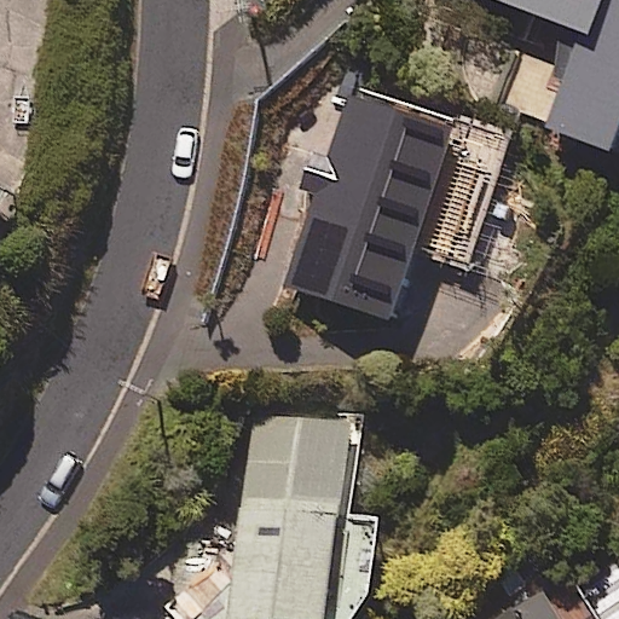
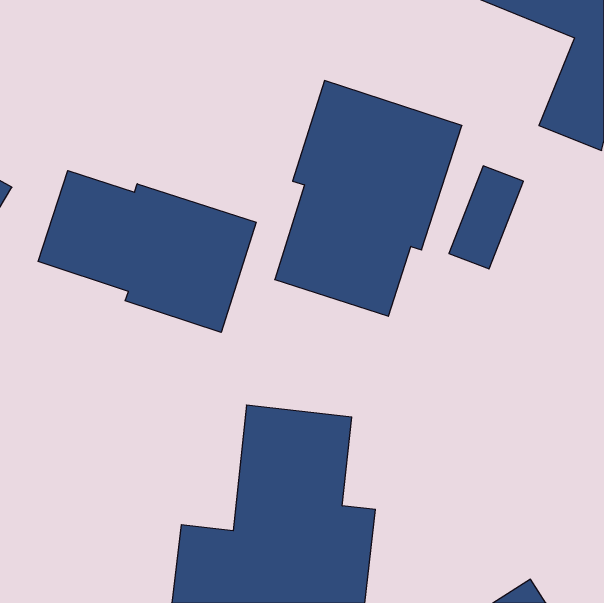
building: none -> [38,171,256,332]

